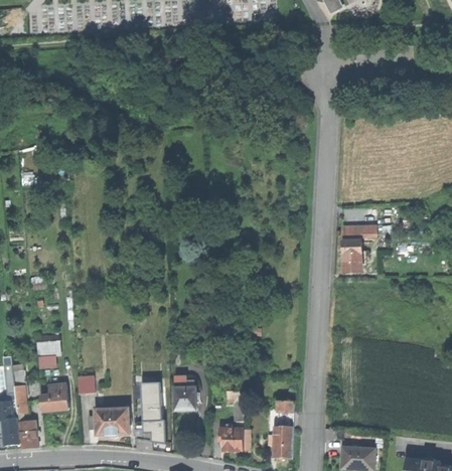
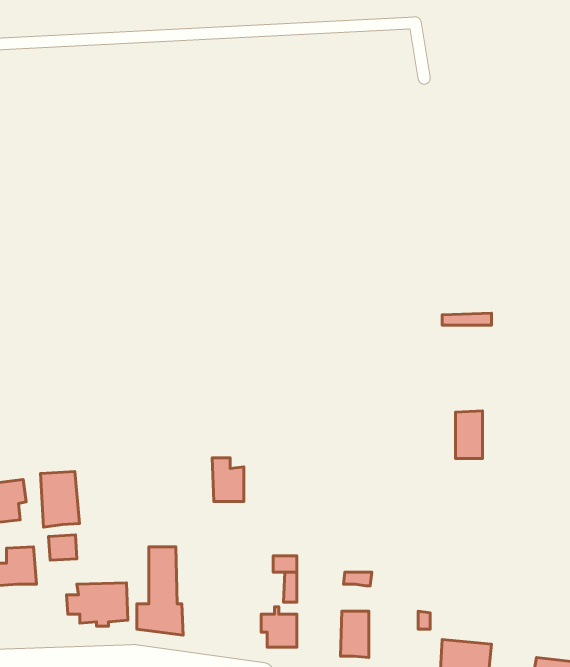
building: [342,241,360,273] -> [455,411,482,459]
building: none -> [40,472,80,527]
building: [174,380,195,410] -> [212,458,244,501]

